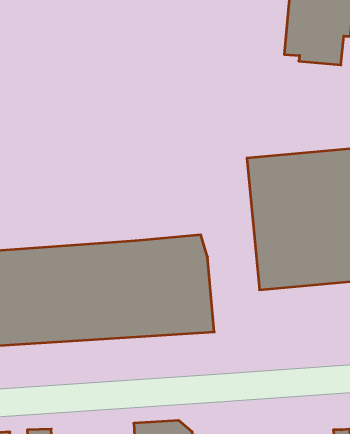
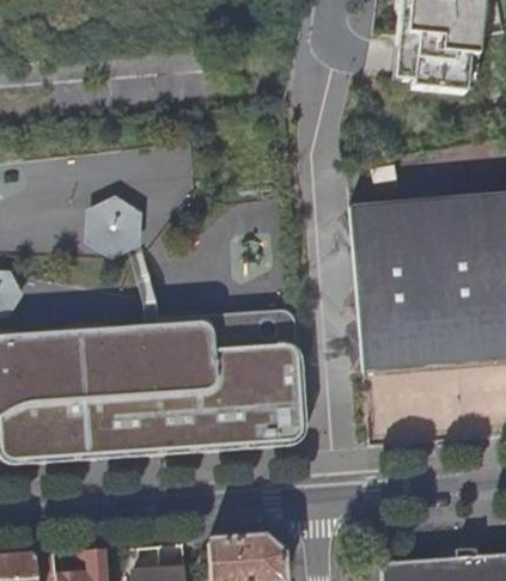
building: none -> [89,201,145,250]

